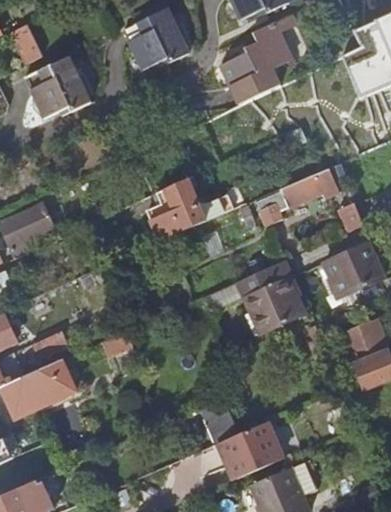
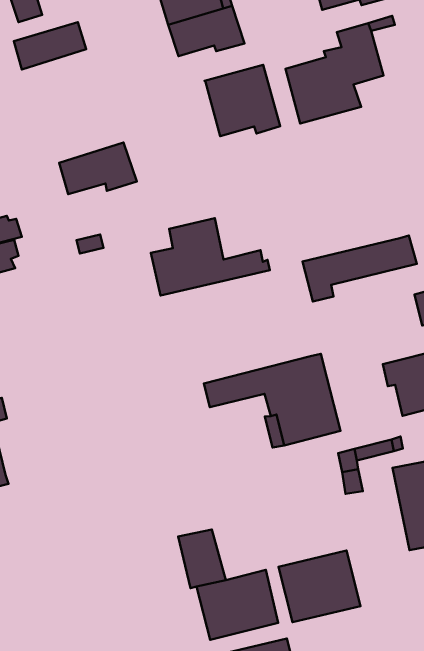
building: none -> [205,65,280,136]
building: [35,75,92,118] -> [59,143,137,194]
building: none -> [279,551,360,622]

